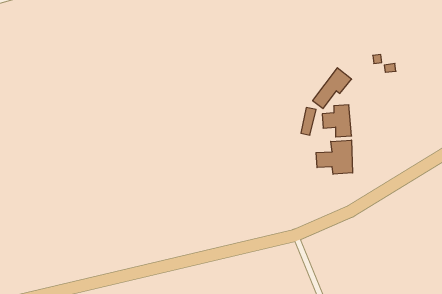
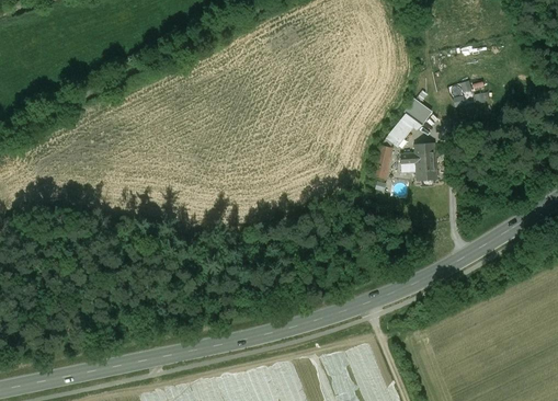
building: [316,140,353,174] -> none

